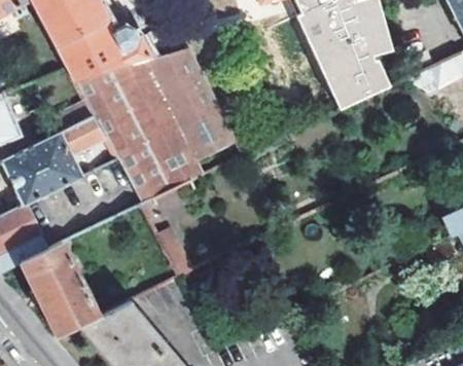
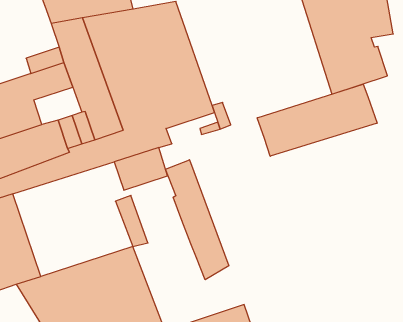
building: none -> [257,84,377,156]
building: none -> [165,160,229,280]

